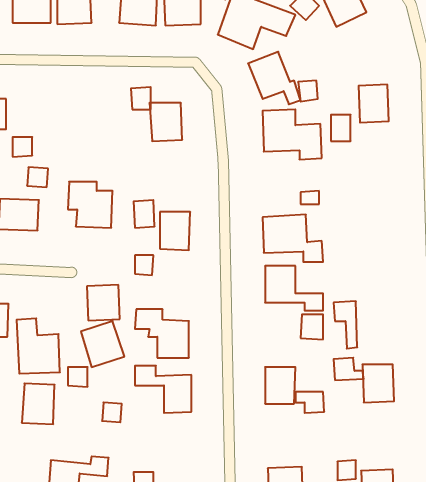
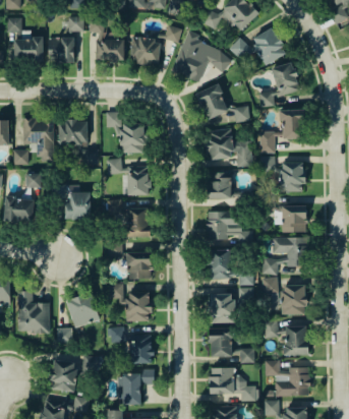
building: none -> [257,62,300,107]
building: none -> [22,118,53,160]
building: none -> [58,120,98,164]
building: none -> [260,156,304,191]
building: none -> [106,158,149,195]
building: none -> [208,172,231,198]
building: none -> [281,205,306,232]
building: none -> [261,237,307,275]
building: [87,285,120,320] -> [126,251,152,279]
building: none -> [282,285,306,314]
building: none -> [210,293,234,322]
building: [22,383,55,424] -> [51,359,76,391]
building: none -> [265,360,309,396]
building: none -> [210,367,255,401]
building: none -> [122,369,154,404]

